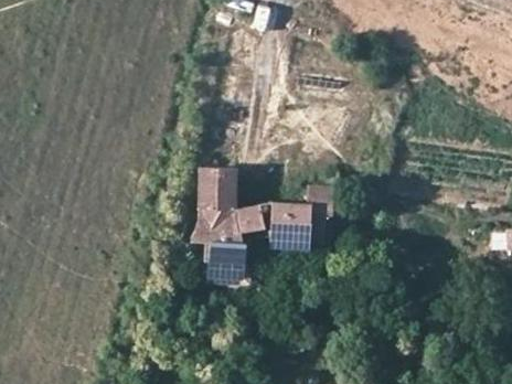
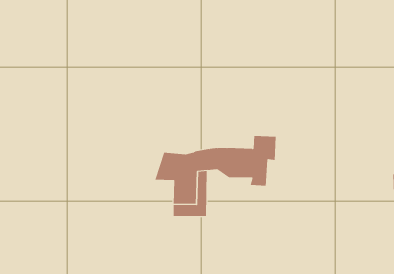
building: [199,168,235,211] -> none

